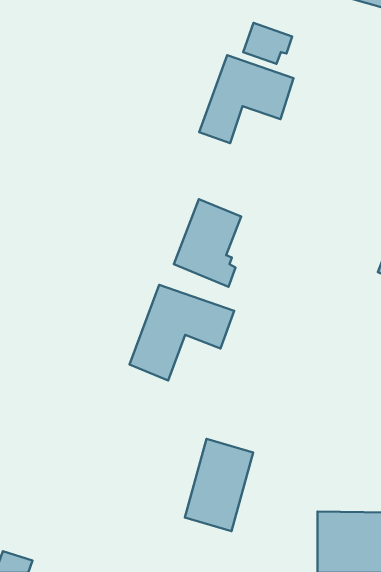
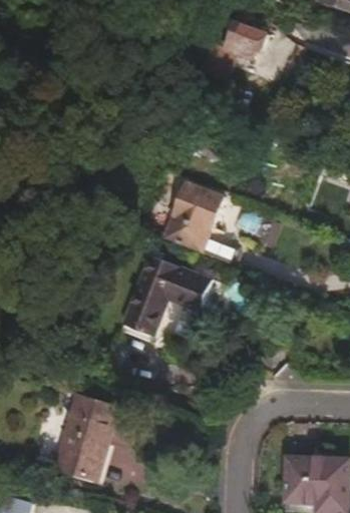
building: [199,55,293,143] -> none
building: [185,439,253,531] -> [64,397,124,478]

